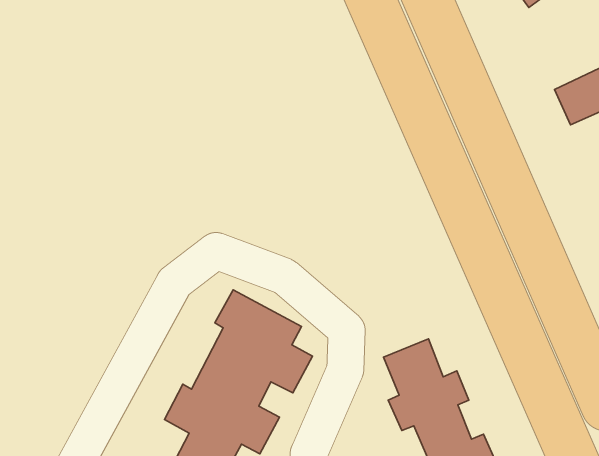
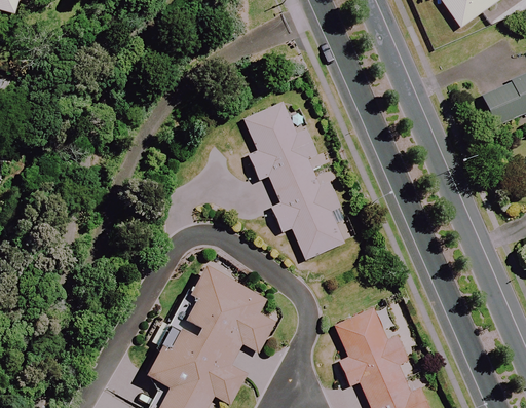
building: none -> [246,102,345,259]

